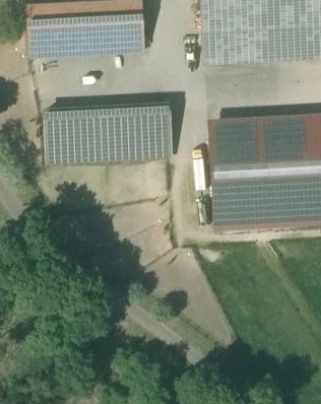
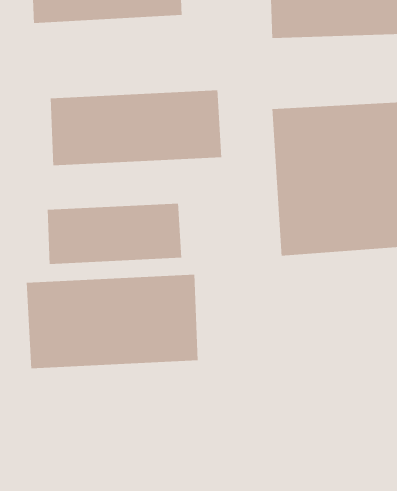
building: none -> [47,203,182,265]
building: none -> [26,274,199,369]

